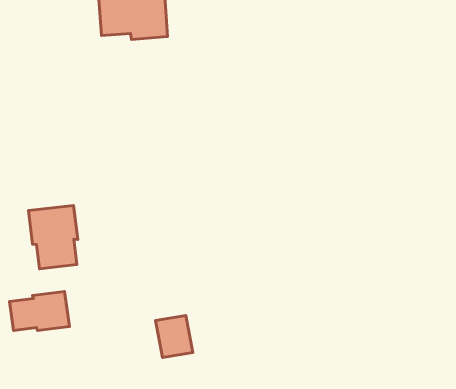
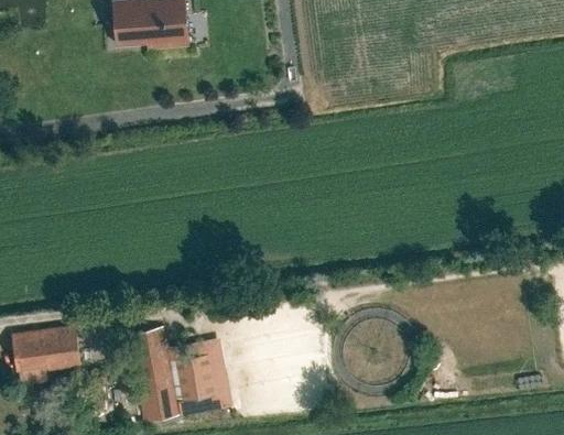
building: [28,206,78,269] -> none
building: none -> [129,326,182,420]

